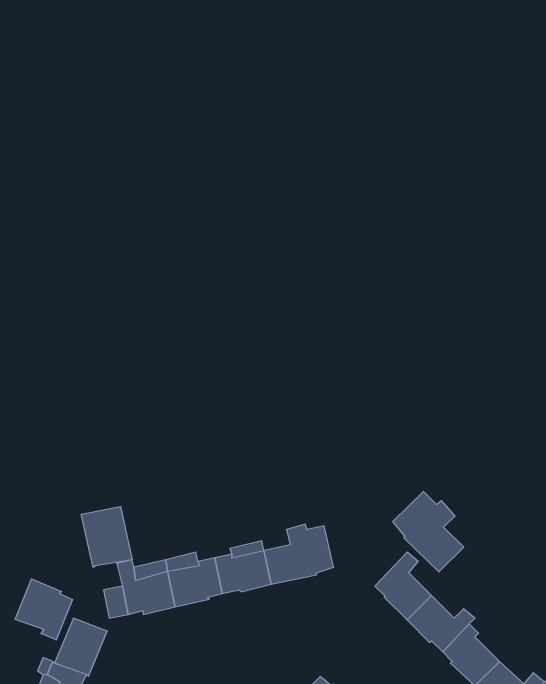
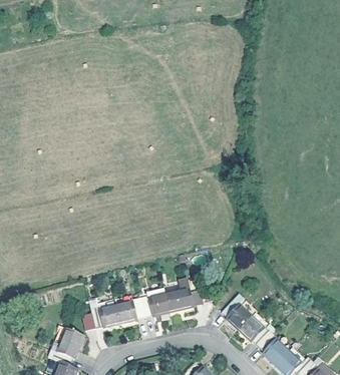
building: [393,491,464,572] -> none
building: [81,507,132,567] -> none
building: [15,579,73,640] -> none

